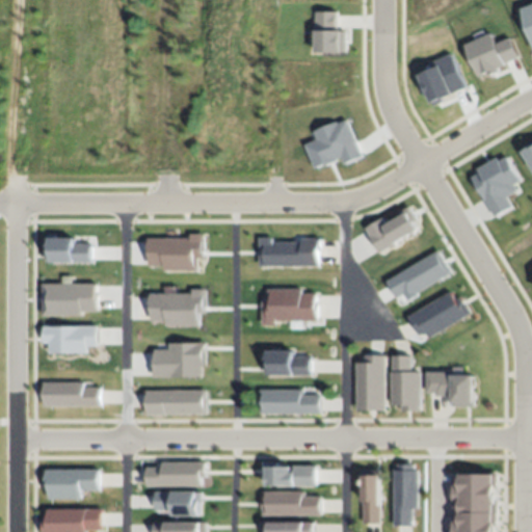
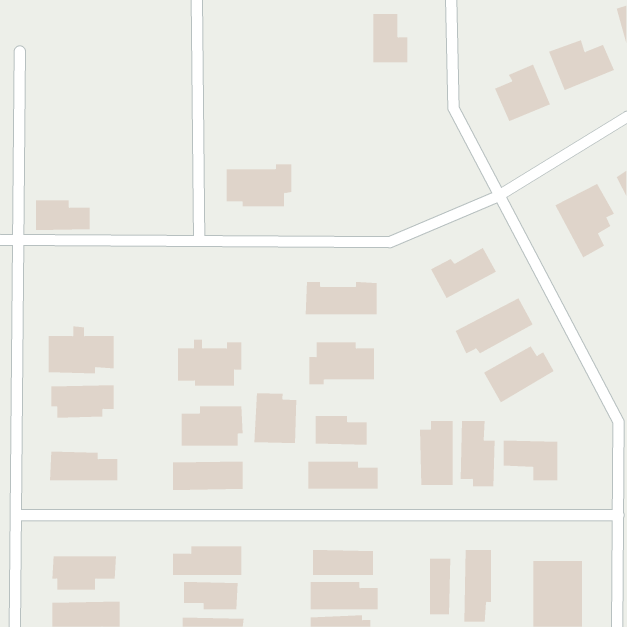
building: [303,118,362,169] -> none
building: [148,234,204,270] -> [226,164,292,207]
building: [45,237,91,263] -> [35,200,91,231]
building: none -> [254,392,297,444]

